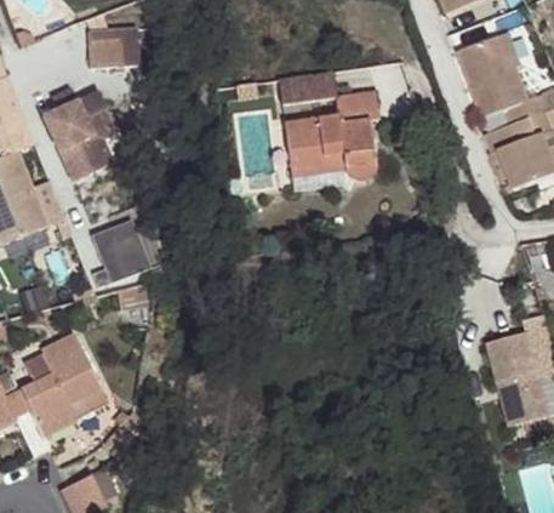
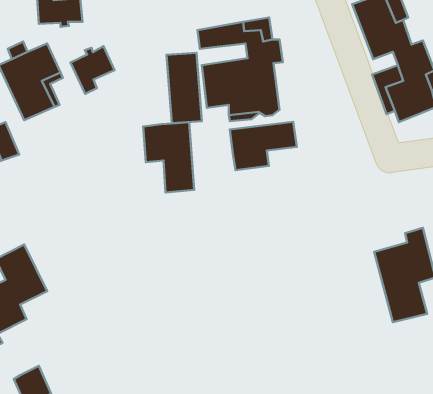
building: none -> [70,46,114,94]
building: none -> [230,122,297,170]
building: none -> [143,122,194,193]
building: [91,216,154,287] -> none

